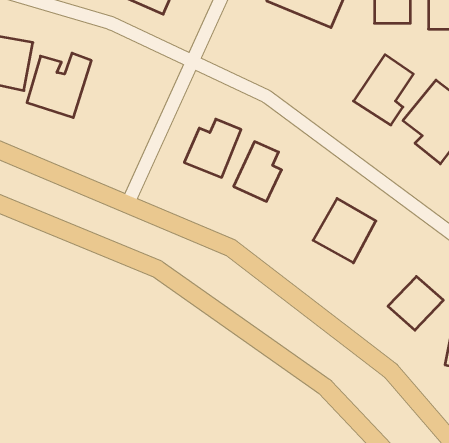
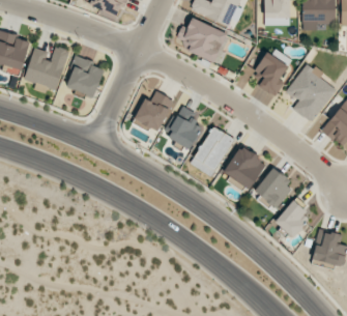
building: none -> [177,18,232,64]
building: none -> [67,56,104,96]
building: none -> [191,126,235,176]
building: none -> [254,167,294,209]

